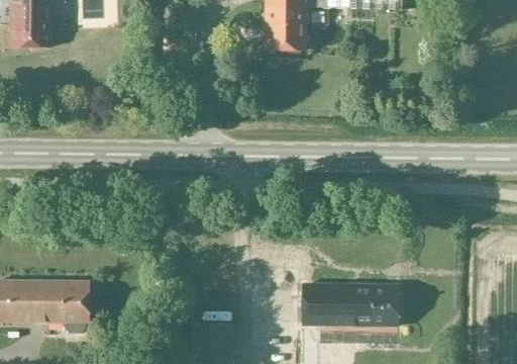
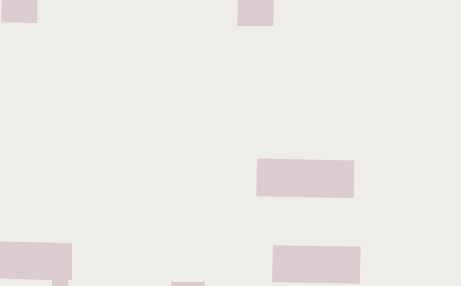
building: none -> [256,158,355,199]

